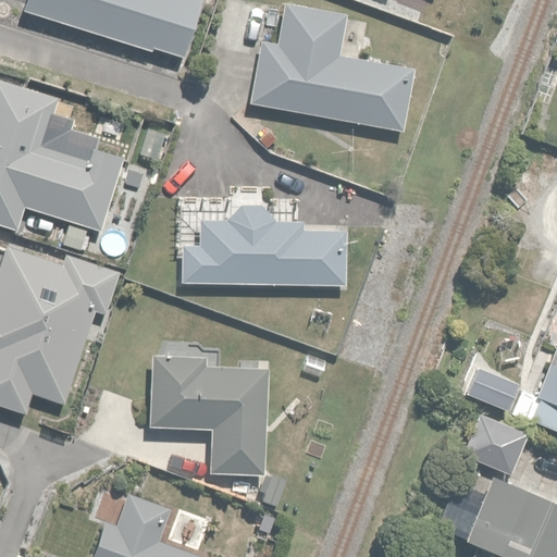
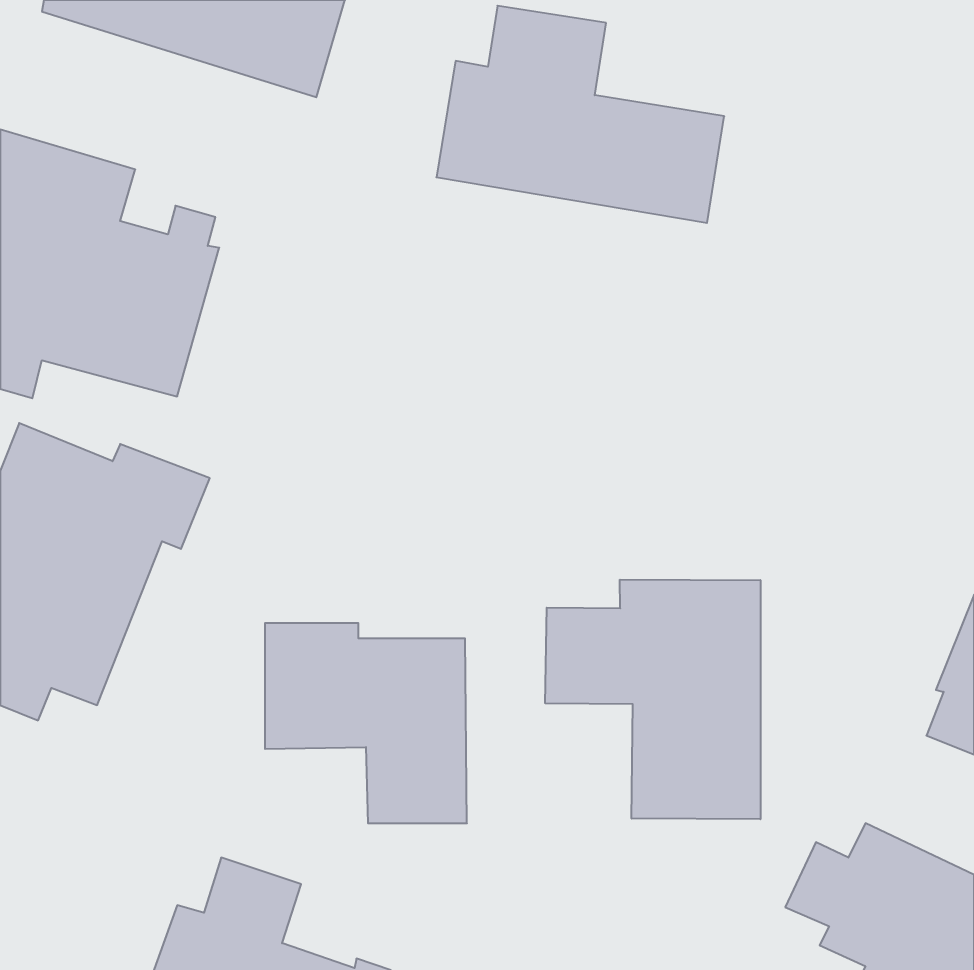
building: [178,208,346,293] -> none
building: none -> [545,580,760,819]
building: [471,370,531,419] -> none
building: [468,422,524,472] -> none

